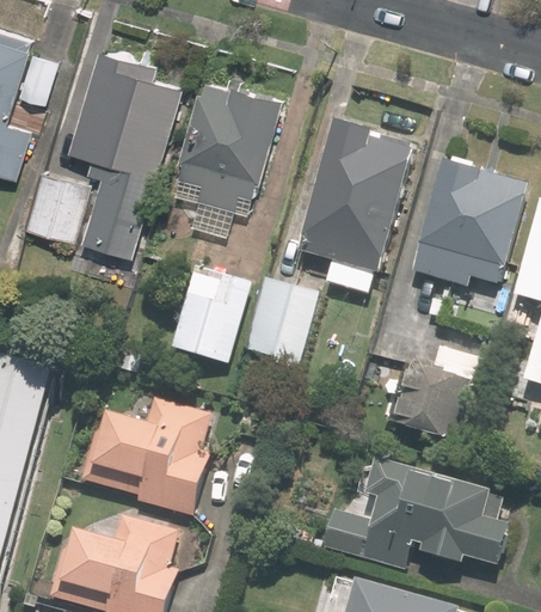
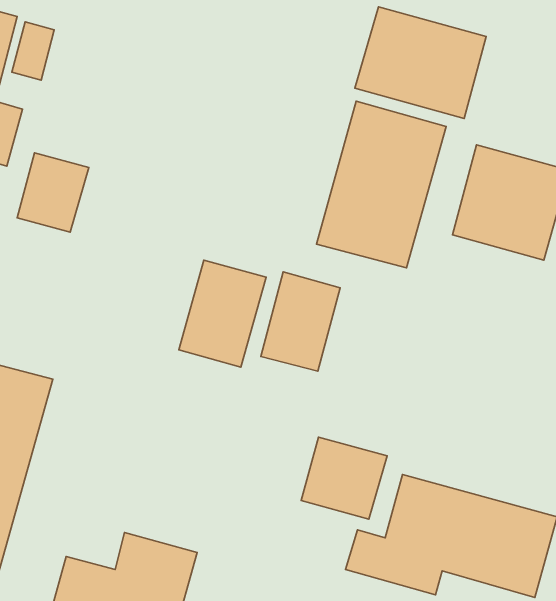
building: none -> [355,7,486,119]
building: [68,51,183,252] -> none
building: [173,81,279,206] -> none
building: [392,366,469,440] -> [301,437,387,519]
building: [85,397,211,513] -> none

